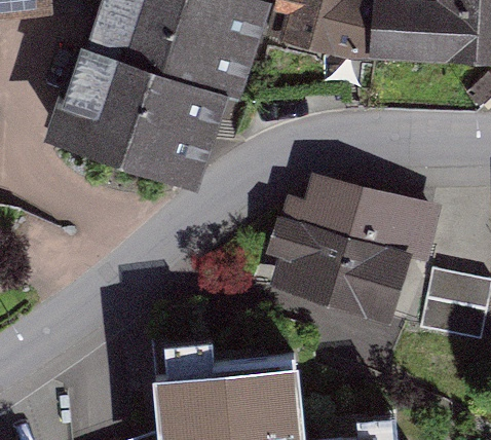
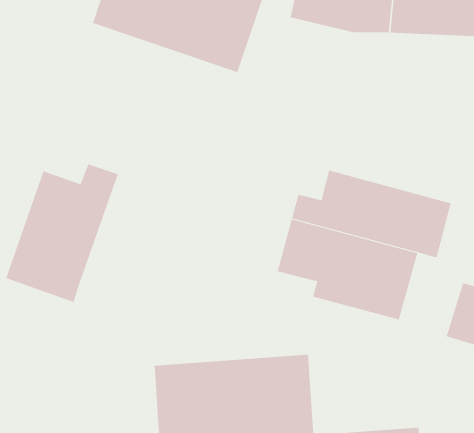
building: [59,39,223,174] -> none
building: none -> [5,164,118,303]

